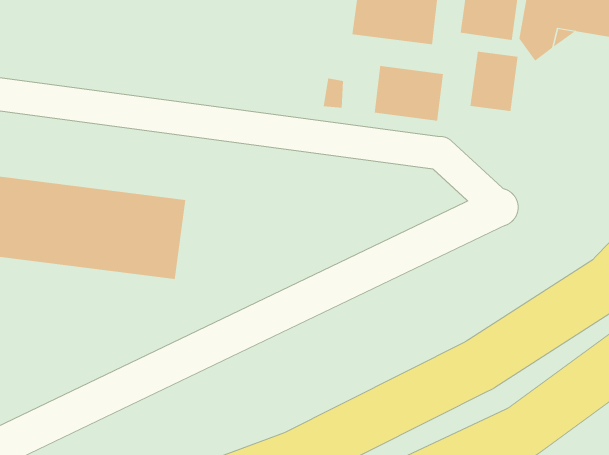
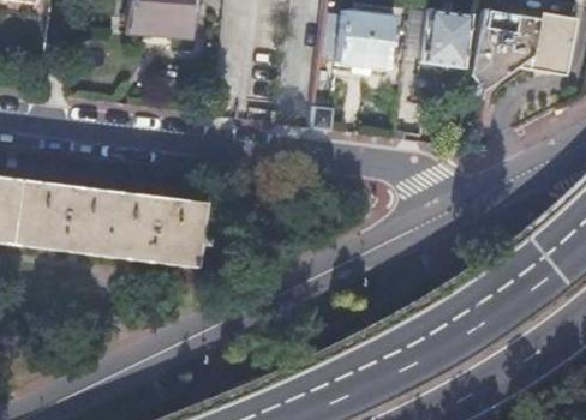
building: [470,51,518,112] -> none
building: [374,65,443,121] -> none

